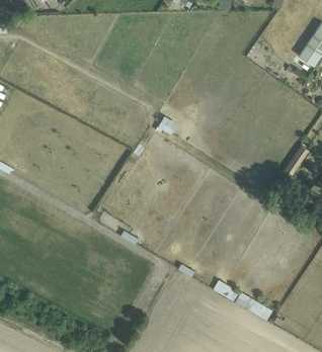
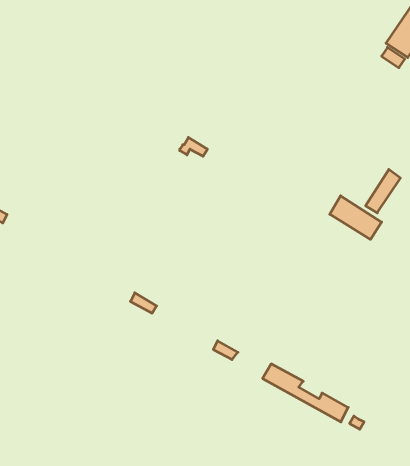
building: none -> [330,196,382,239]

